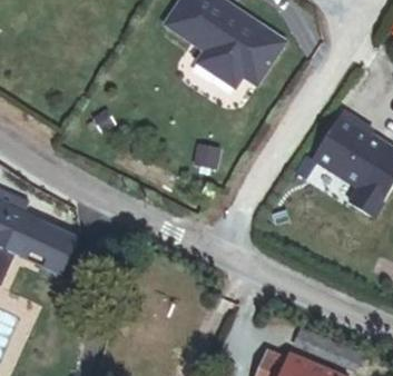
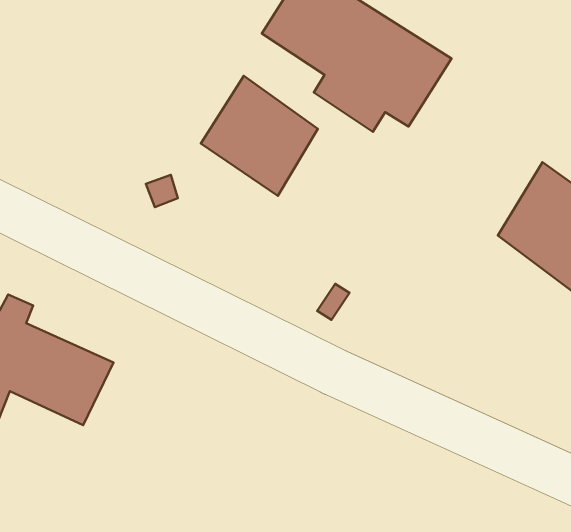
building: none -> [201,76,318,196]

